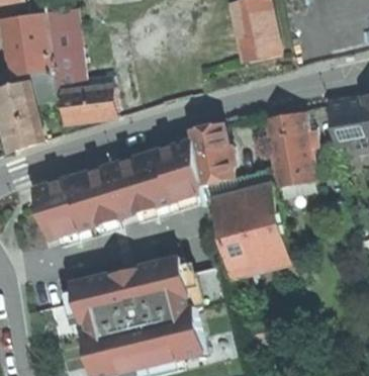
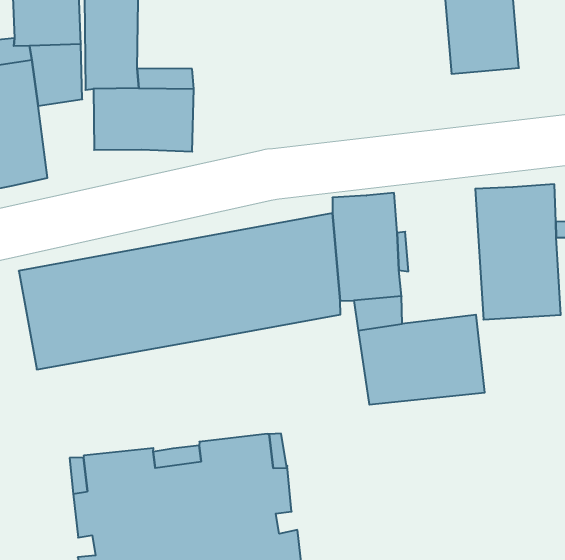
building: [221,223,292,289] -> none

